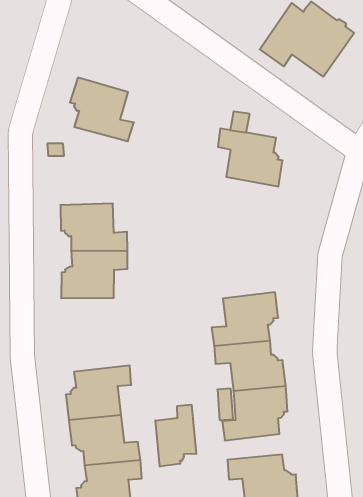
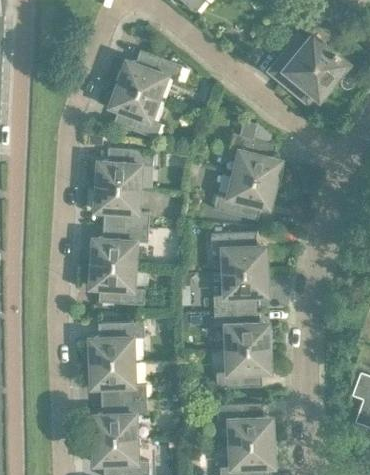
building: none -> [118,49,182,98]
building: none -> [96,147,153,188]
building: none -> [213,173,275,219]
building: none -> [210,231,266,272]
building: none -> [90,262,144,305]
building: [155,405,196,467] -> none

